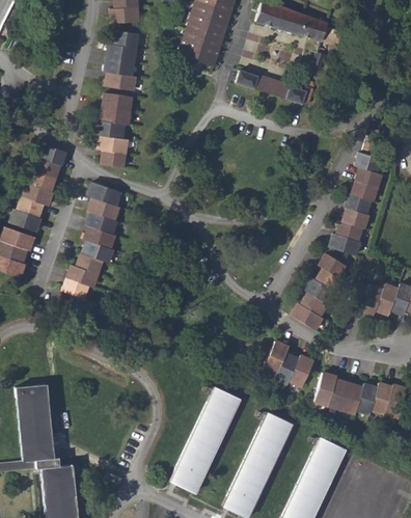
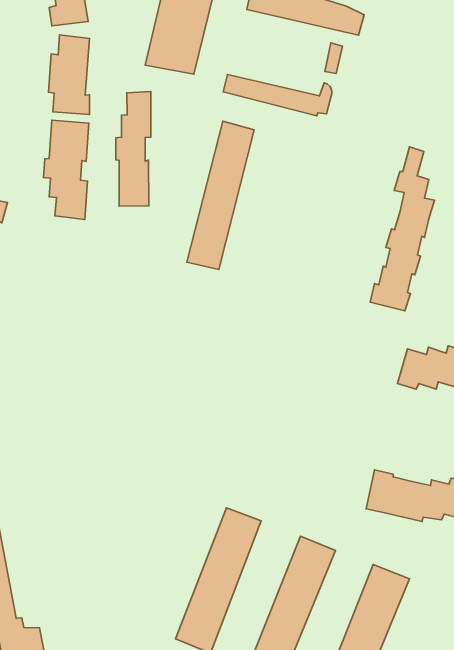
building: none -> [116,91,151,206]
building: none -> [187,121,254,270]
building: [65,183,122,317] -> none
building: [293,250,346,327] -> none
building: [265,338,314,382] -> none

